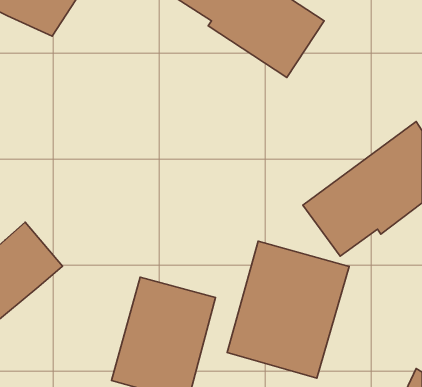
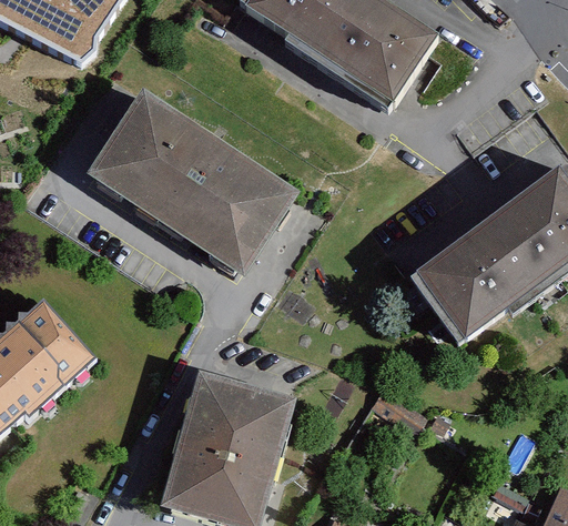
building: none -> [87,87,298,273]
building: [227,241,349,378] -> none

